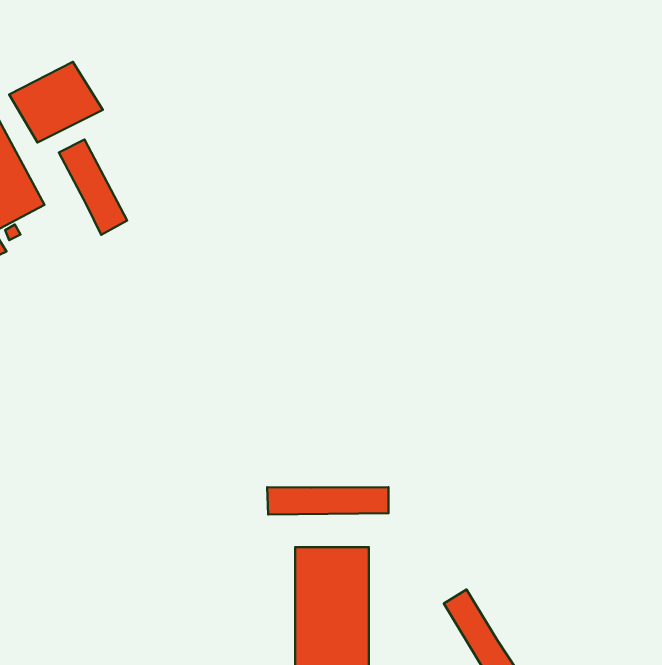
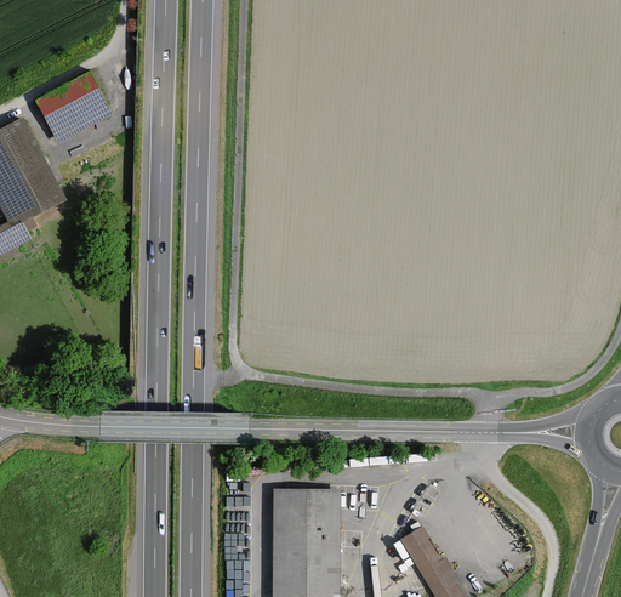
building: [59,139,127,235] -> none
building: [267,487,388,514] -> none

